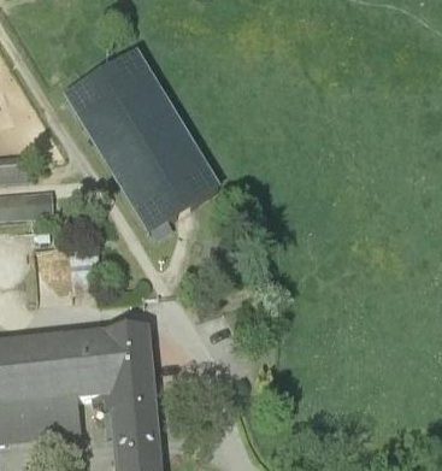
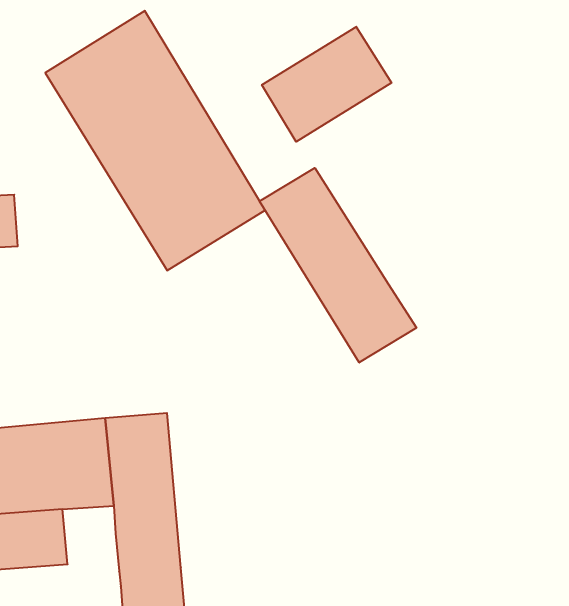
building: none -> [262,27,391,142]
building: none -> [260,168,416,363]

